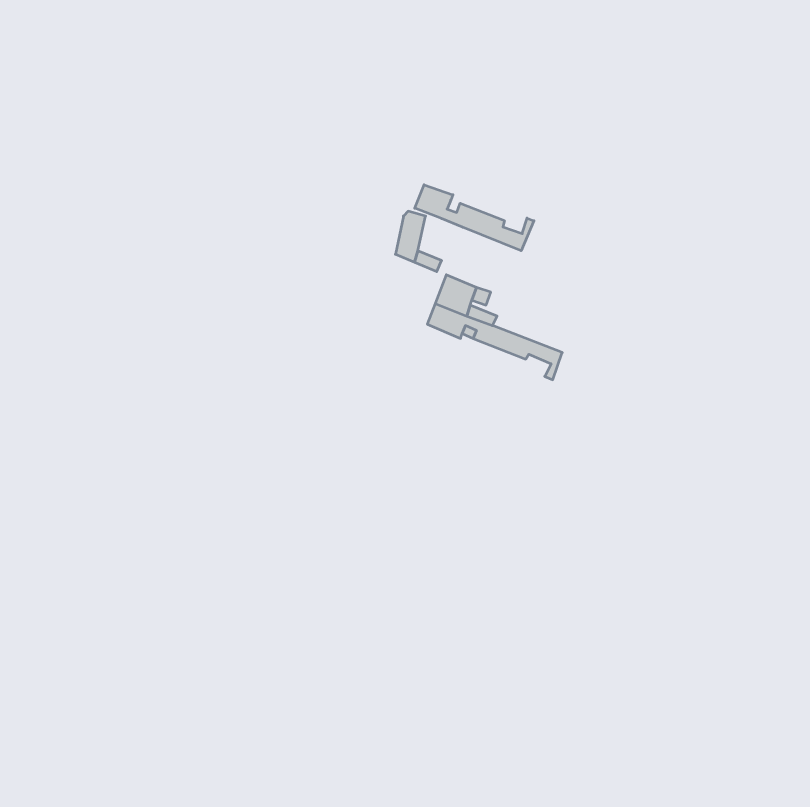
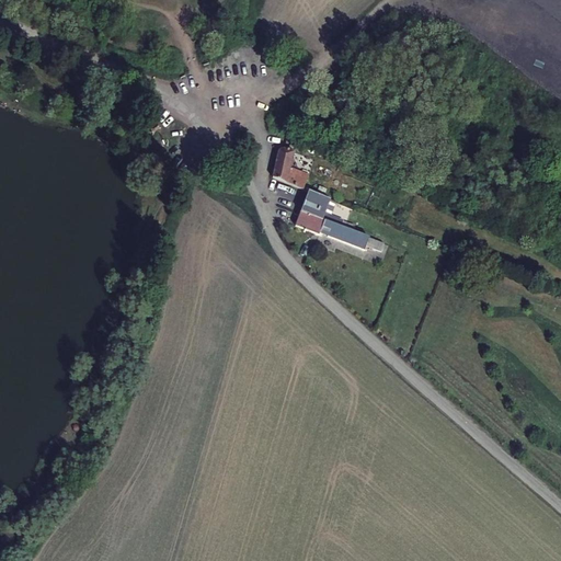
building: [415,185,534,251] -> none

